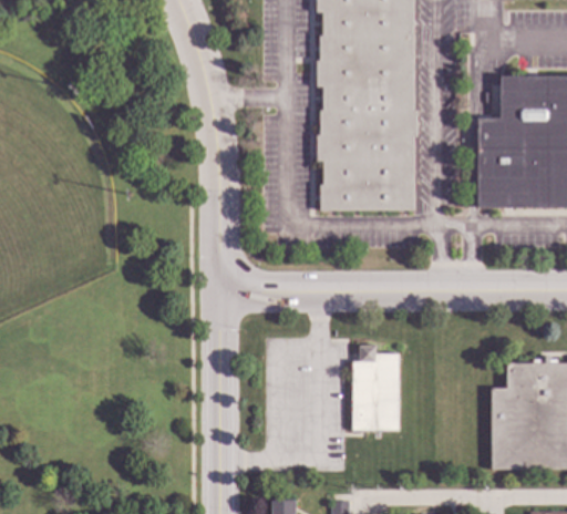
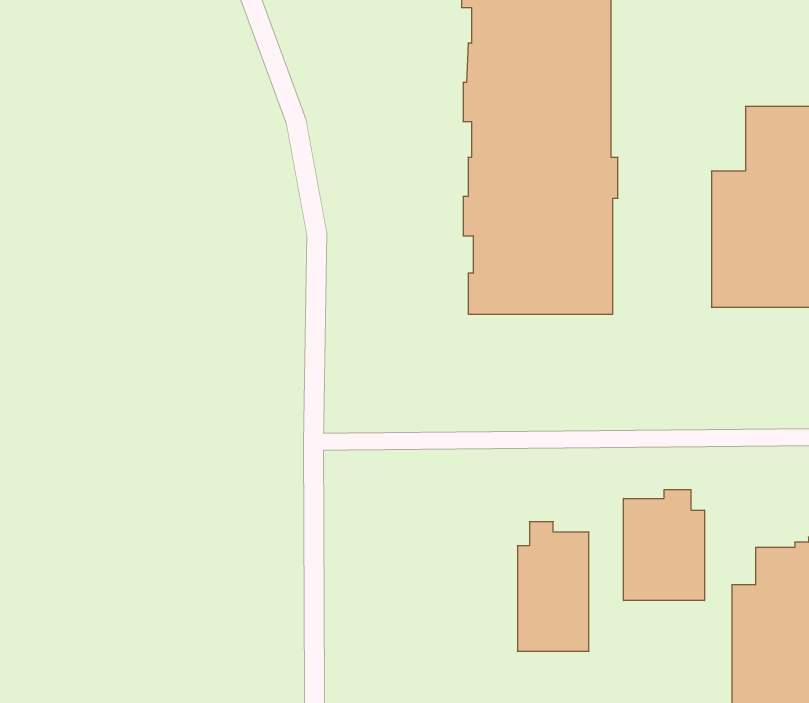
building: none -> [624,490,704,601]

